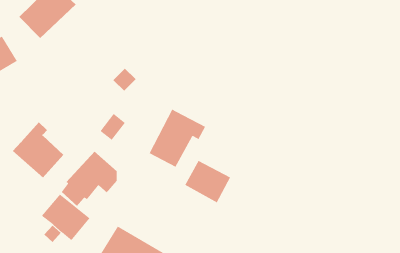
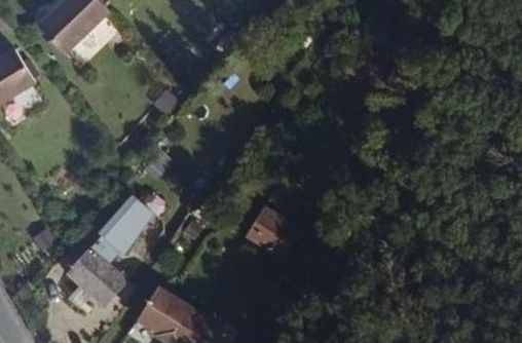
building: [148,108,206,168] -> none
building: [12,122,64,179] -> none

